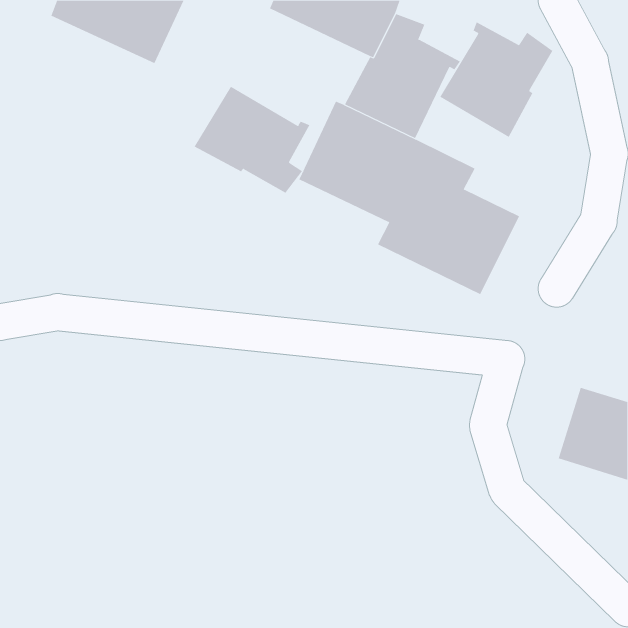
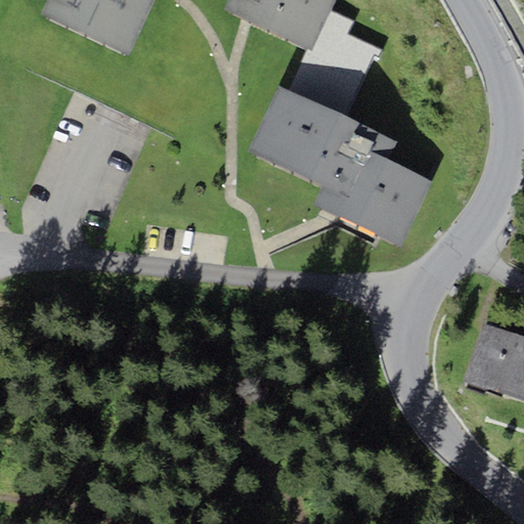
building: [439,21,553,138] -> none
building: [194,86,310,193] -> none

